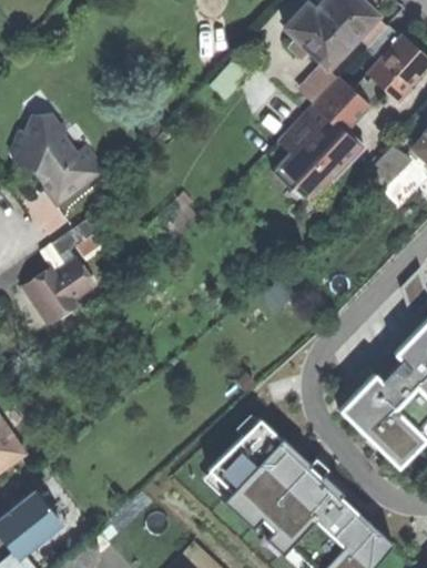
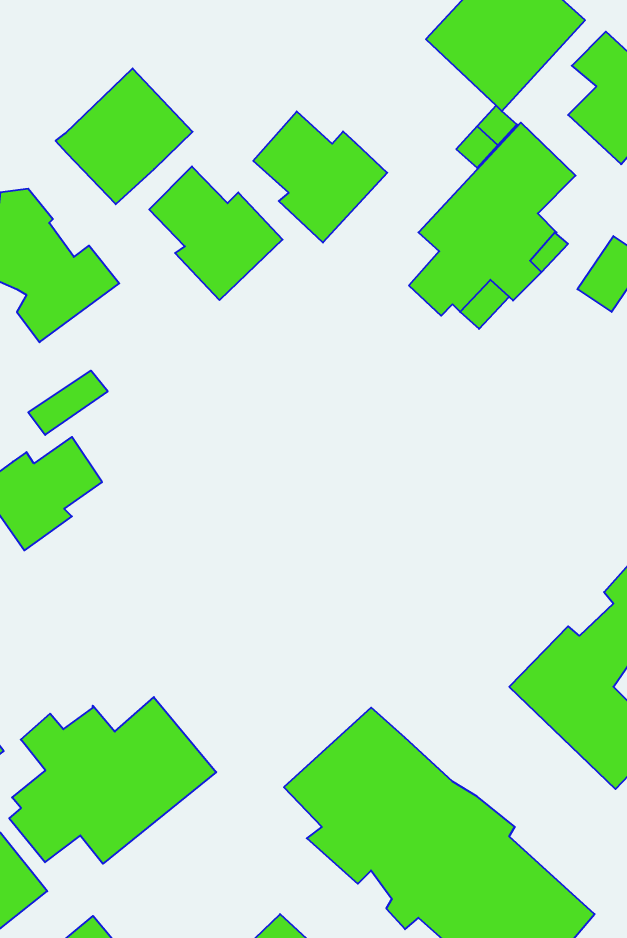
building: none -> [56,68,193,204]
building: none -> [253,111,387,243]
building: none -> [149,166,283,300]
building: none -> [9,697,216,864]

